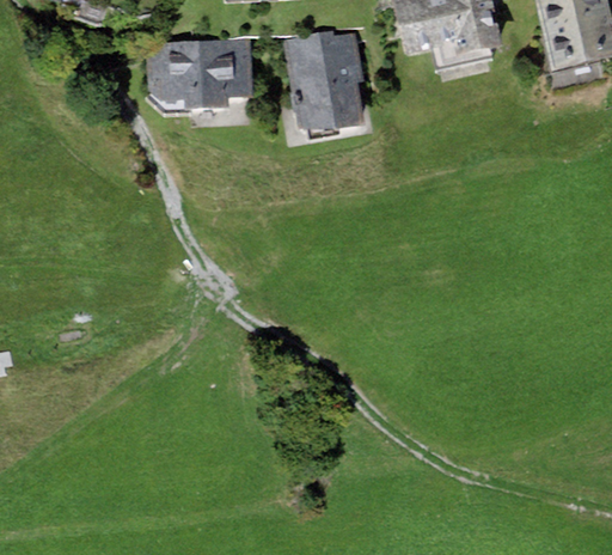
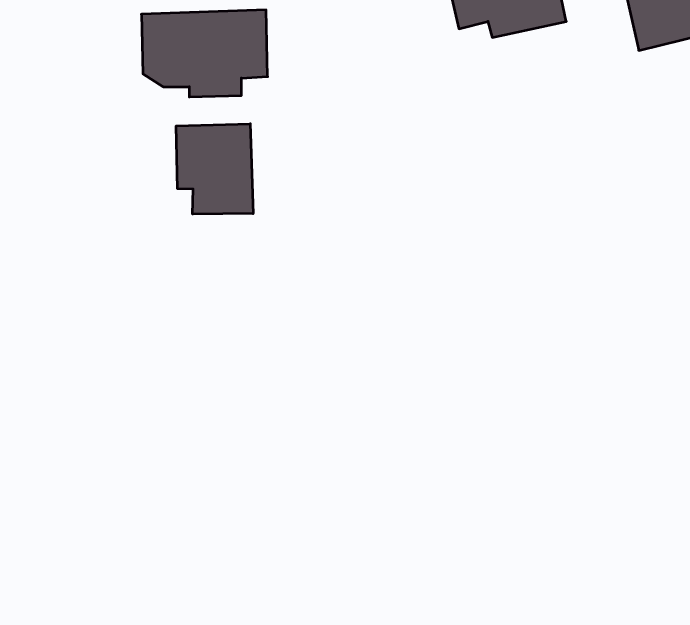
building: [287,35,365,130] -> none
building: none -> [176,124,253,214]

